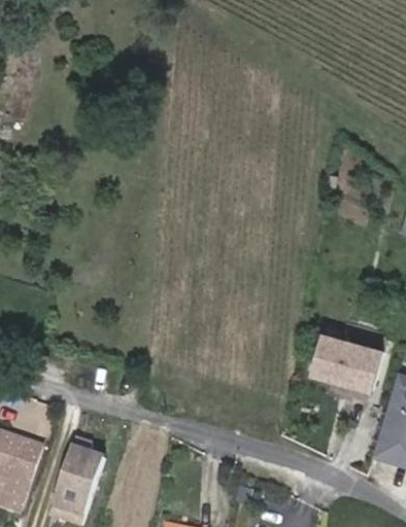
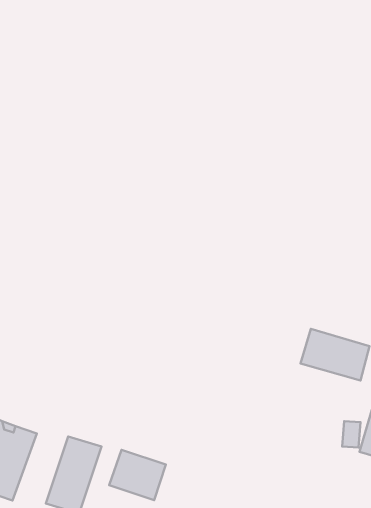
building: none -> [109,450,166,500]

